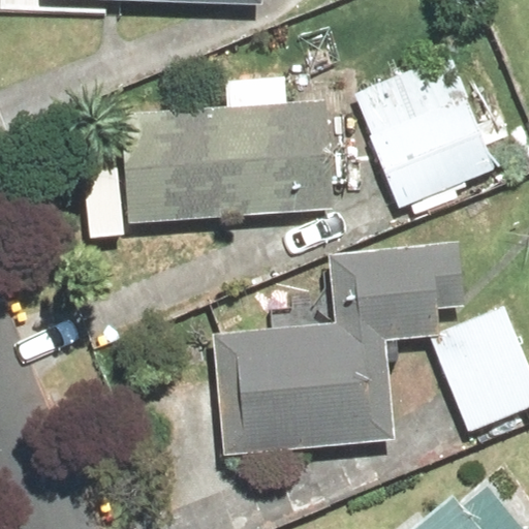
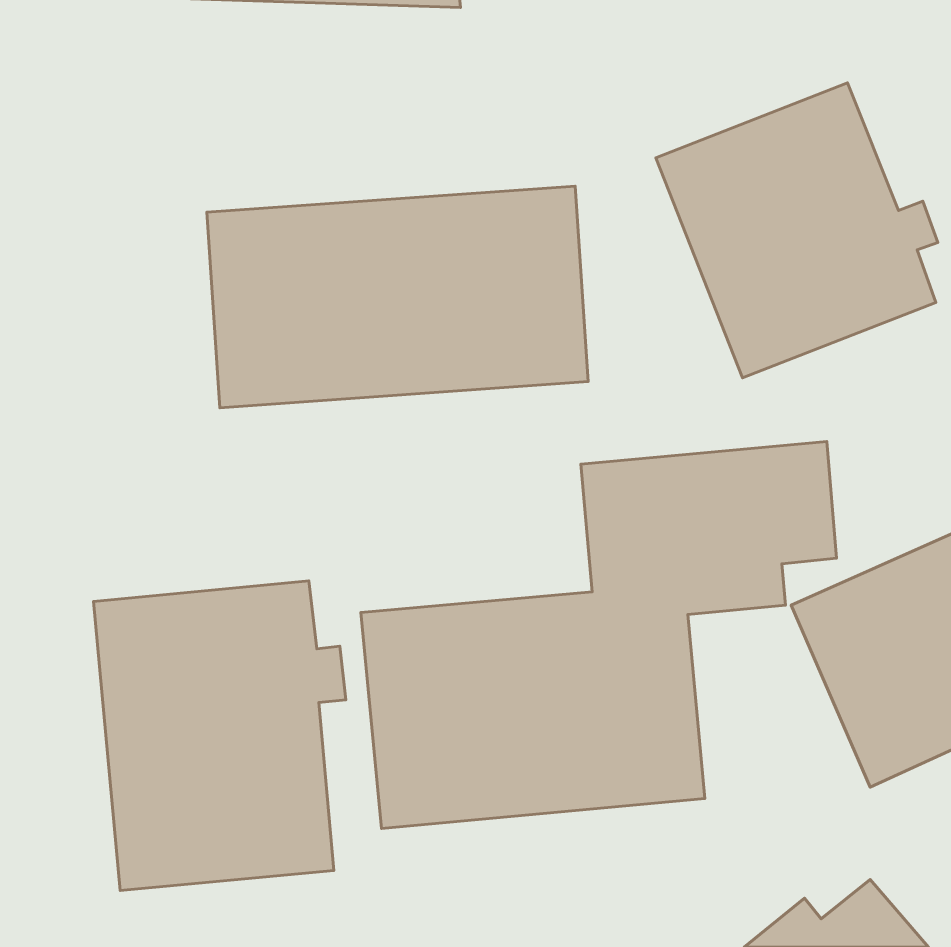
building: none -> [94,581,346,890]

